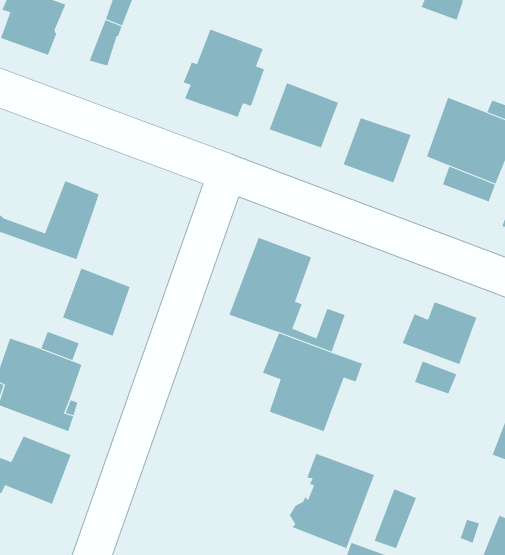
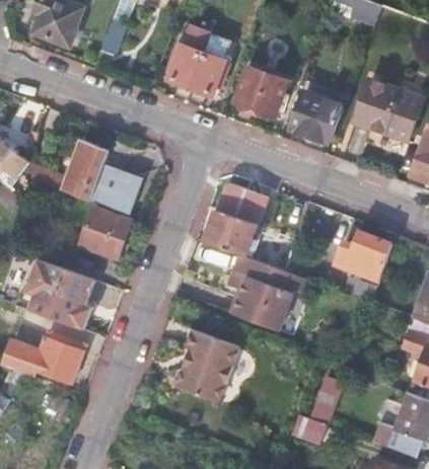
building: none -> [89,166,139,214]
building: [289,453,375,549] -> [173,331,238,403]

